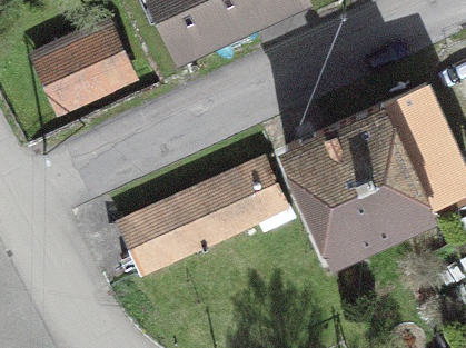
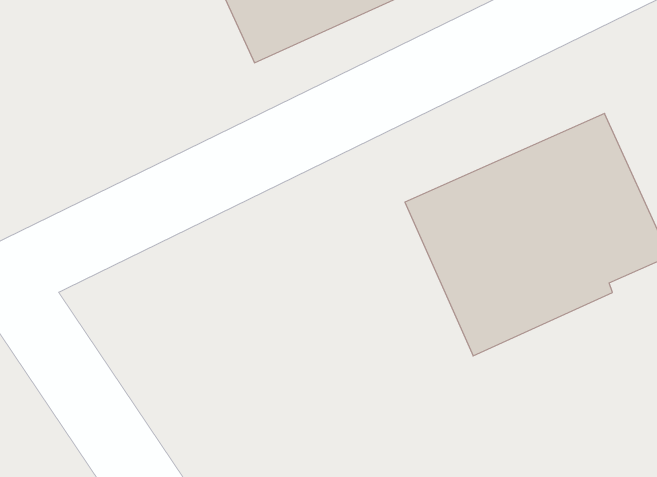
building: [36,27,130,110] -> none
building: [122,161,281,274] -> none

